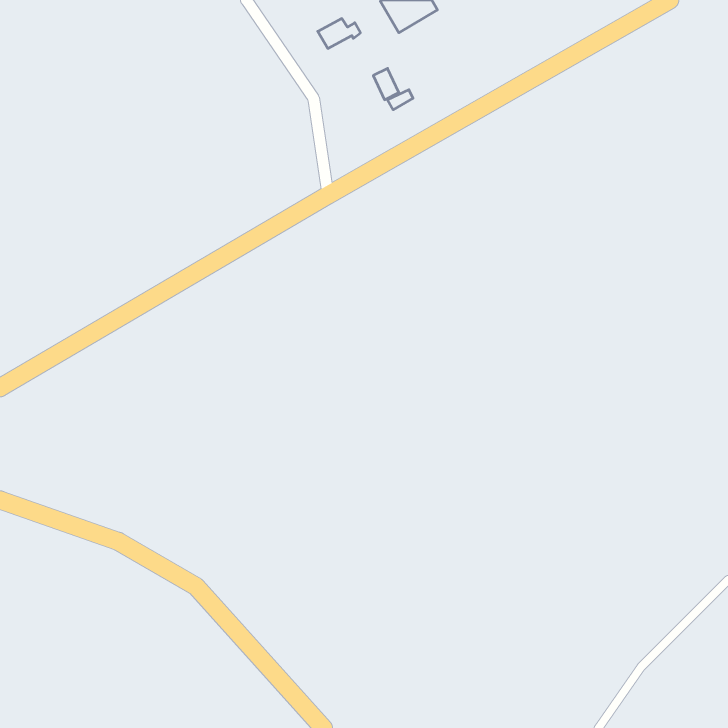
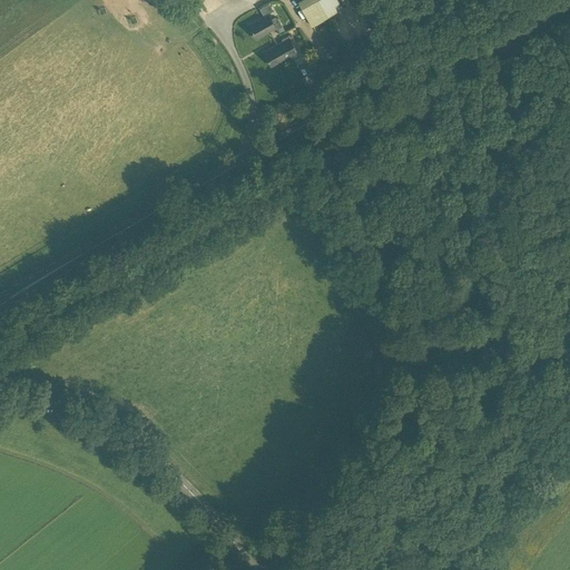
building: none -> [263,36,296,66]

